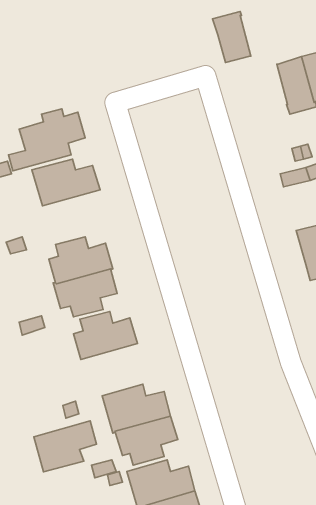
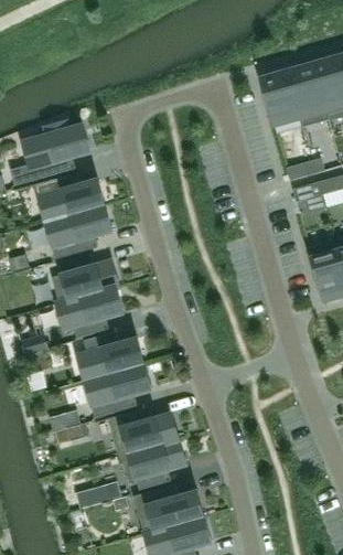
building: [213,11,251,63] -> [260,71,300,124]
building: none -> [46,205,112,259]
building: [34,421,97,472] -> [86,364,151,417]

